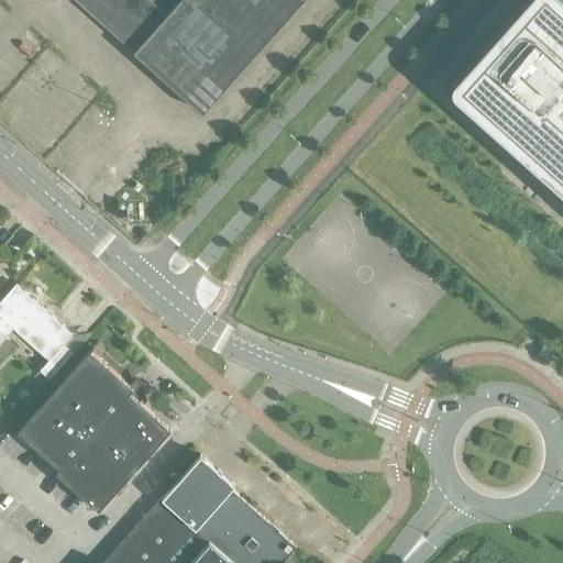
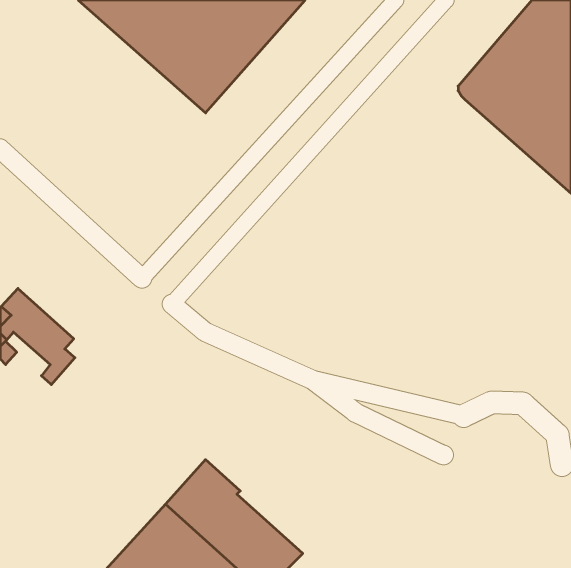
building: [20,353,173,512] -> none

